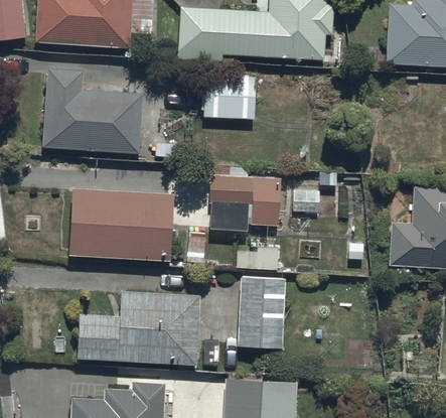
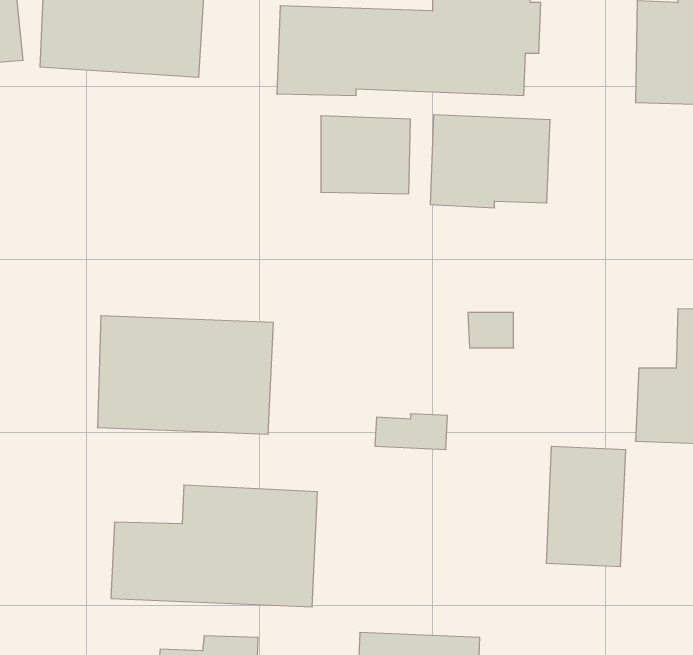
building: [43,69,144,153] -> none
building: [208,175,280,231] -> [430,115,550,208]
building: [238,277,285,349] -> [546,446,626,567]

